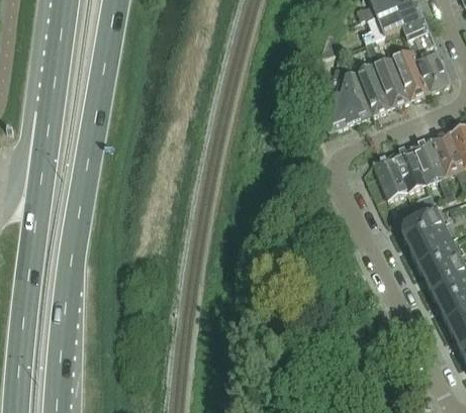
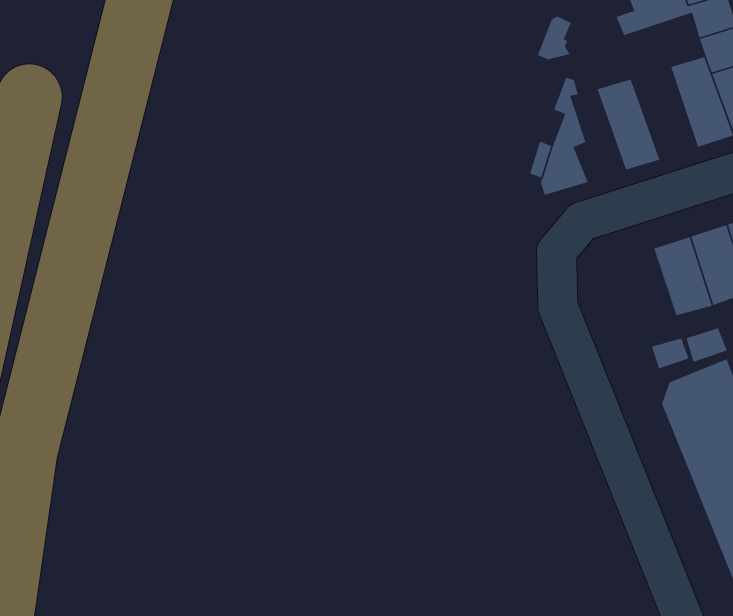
building: [367,42,412,106] -> none
building: [343,71,375,121] -> none
building: [372,153,408,198] -> none

